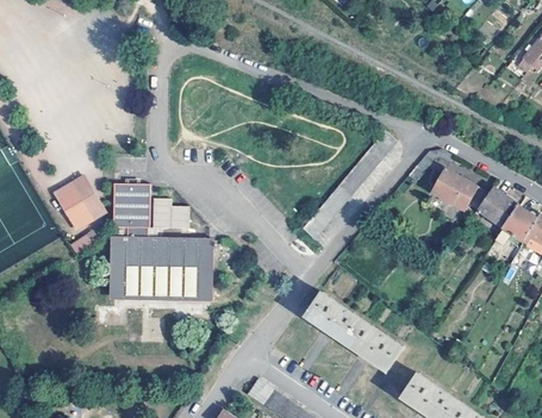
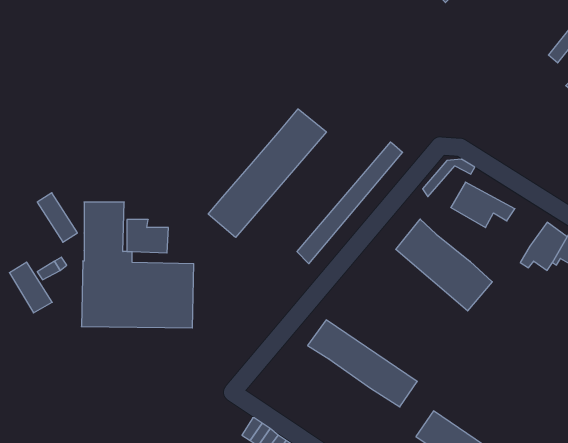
building: none -> [208,109,326,237]
building: [51,188,89,233] -> [9,262,52,313]
building: [481,188,521,227] -> none
building: none -> [396,219,492,311]

